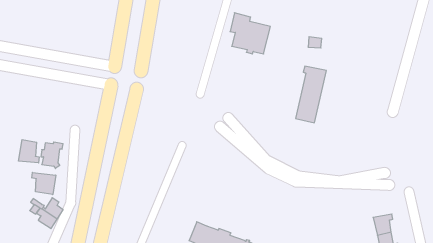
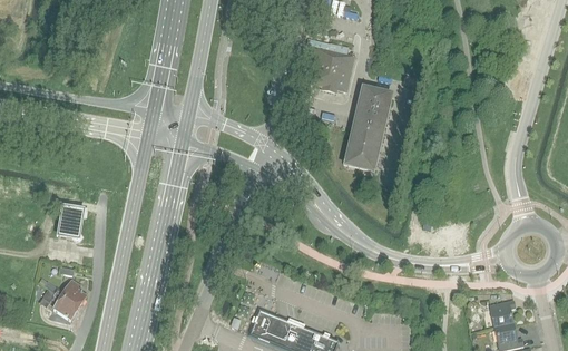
building: [296,66,326,123] -> [347,95,388,168]
building: [19,140,39,163] -> none
building: [32,172,56,195] -> none

